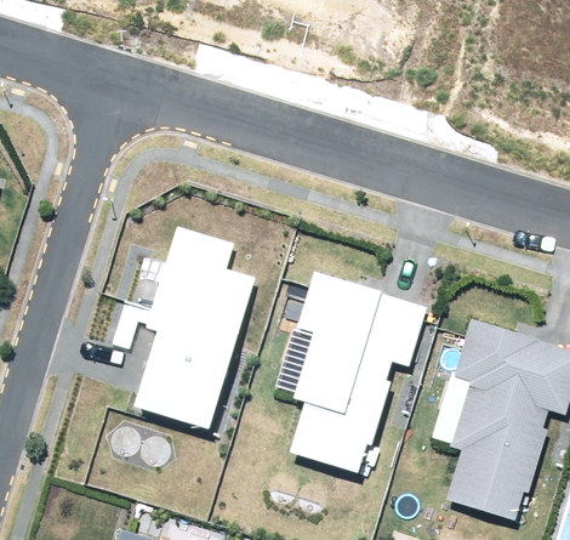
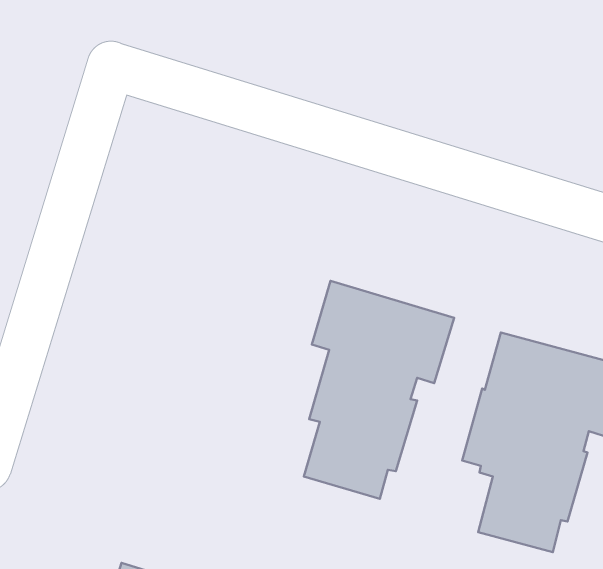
building: [133,228,256,430] -> none

